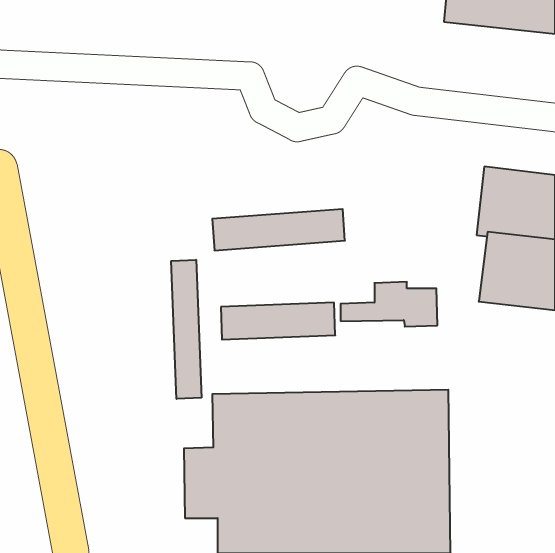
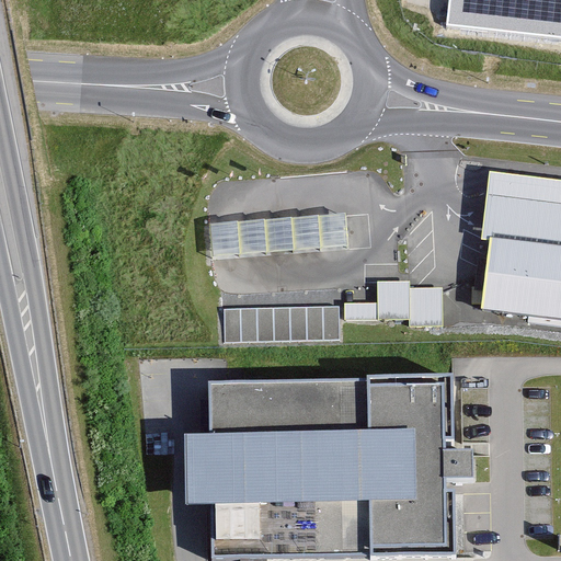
building: [171,260,201,399] -> none

